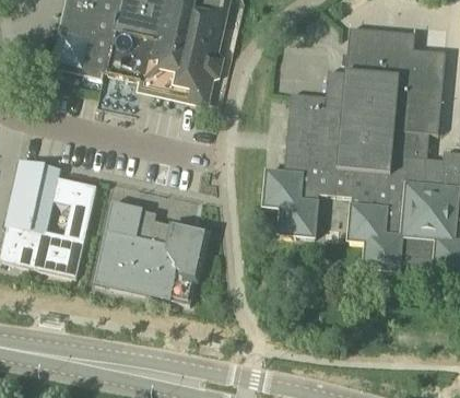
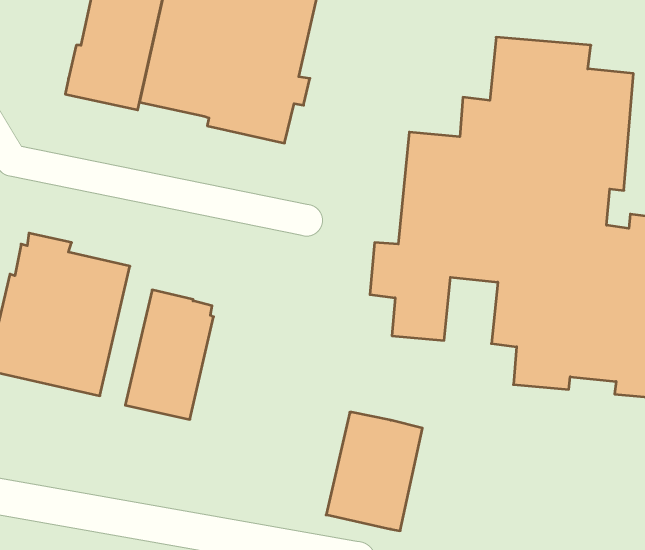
building: [139,220,205,302] -> [326,412,422,531]

